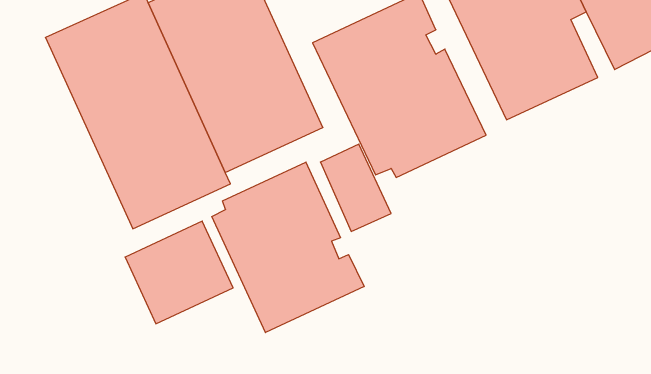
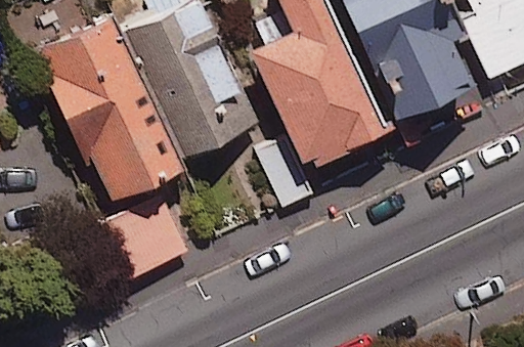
building: [212,162,364,333] -> none

